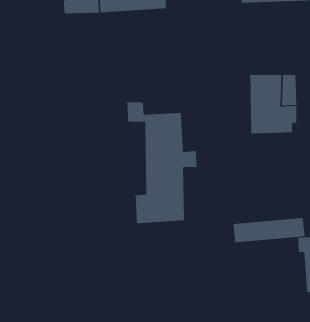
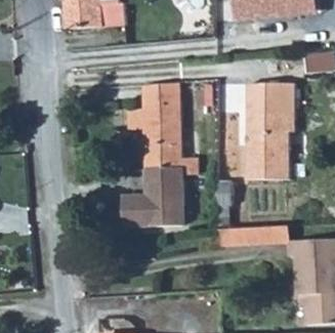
building: none -> [140,82,177,124]
building: none -> [244,141,285,179]

